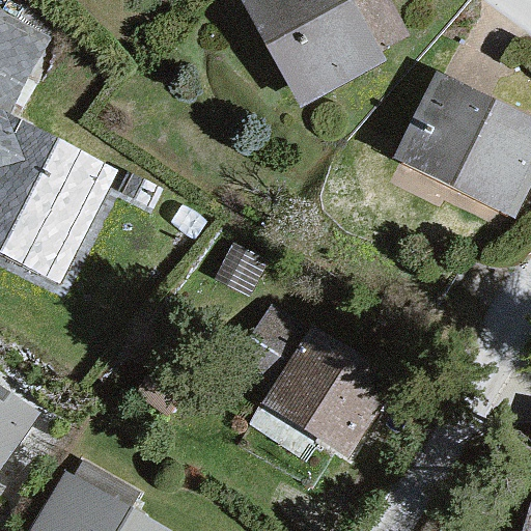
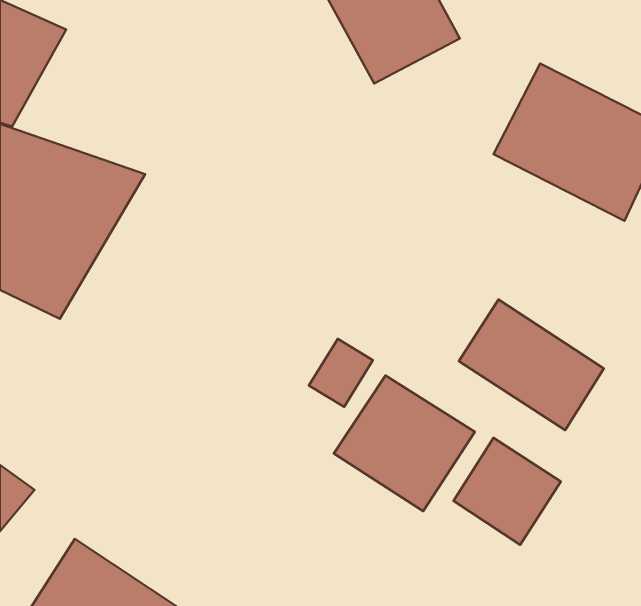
building: none -> [459,299,604,430]
building: none -> [454,438,561,545]

